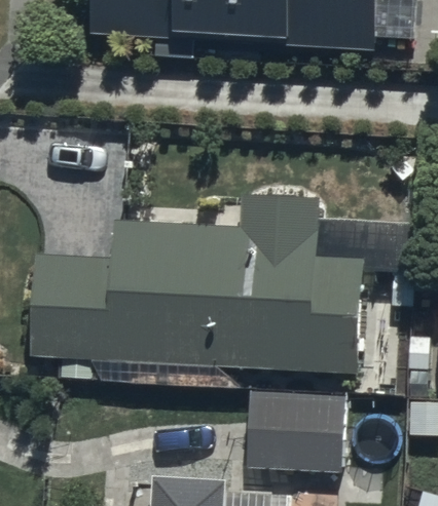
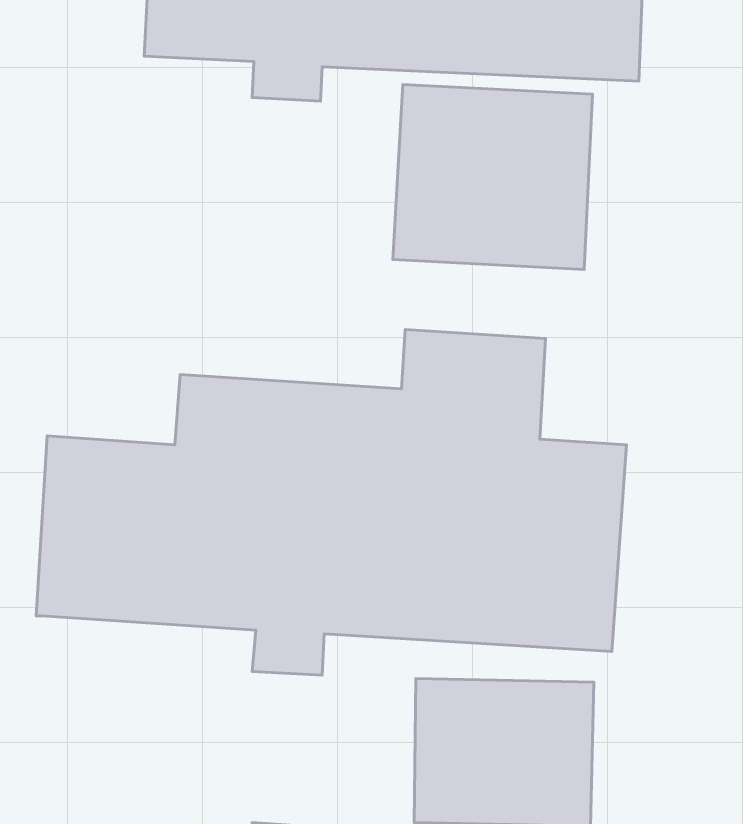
building: none -> [393,84,592,269]

